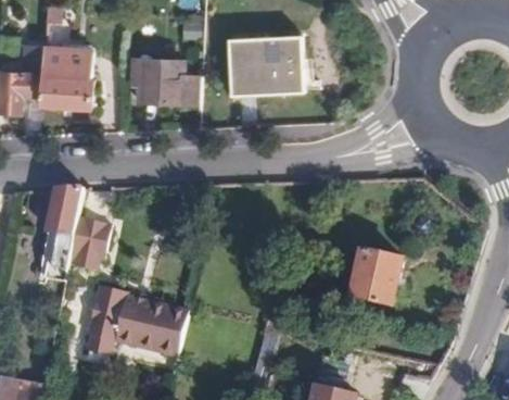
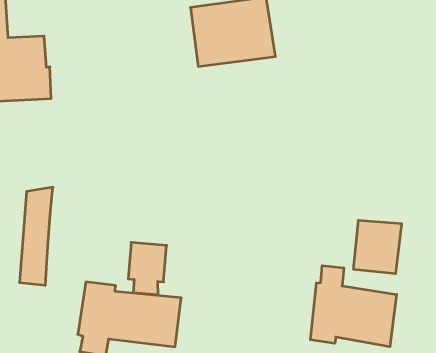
building: [130,62,199,103] -> none
building: [69,215,109,266] -> [128,242,167,294]
building: none -> [310,266,397,347]

